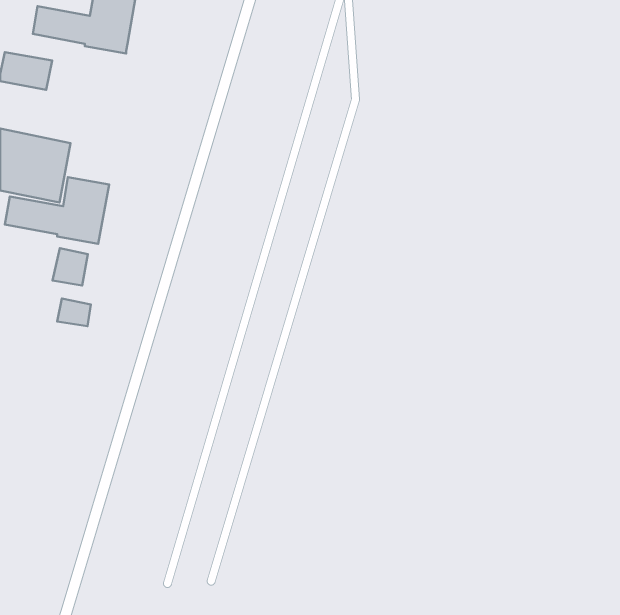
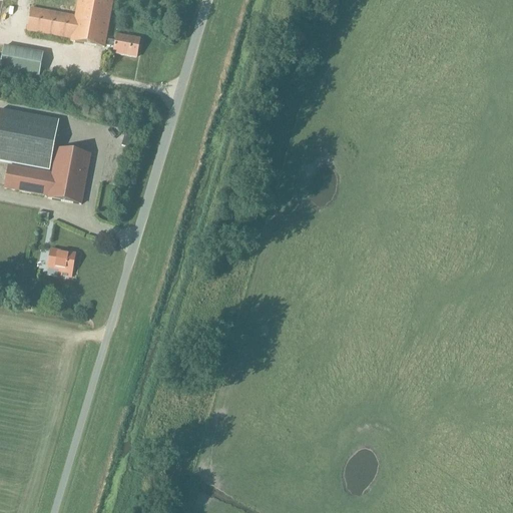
building: none -> [104,32,139,54]
building: [52,248,88,286] -> none

